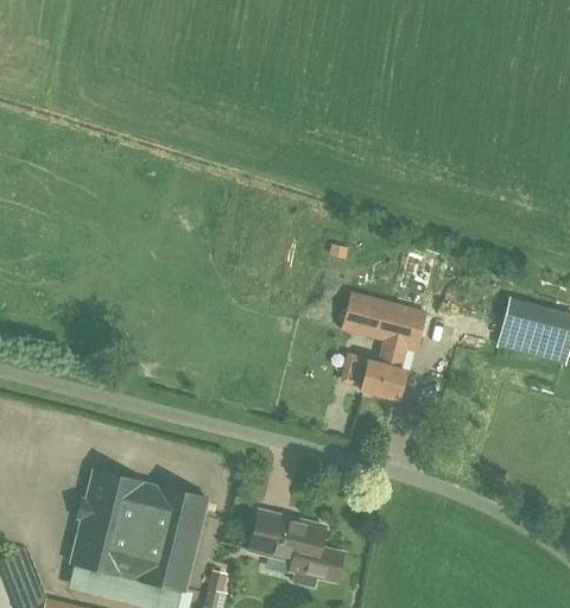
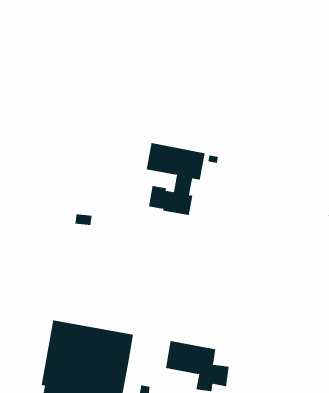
building: [341,291,428,399] -> [146,143,205,216]

